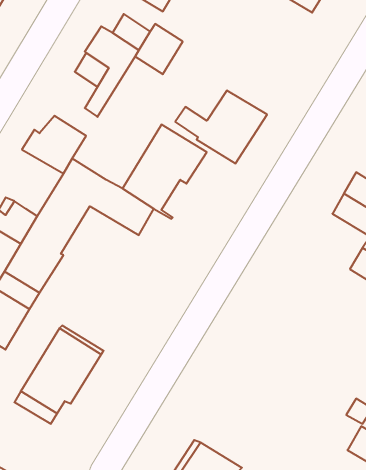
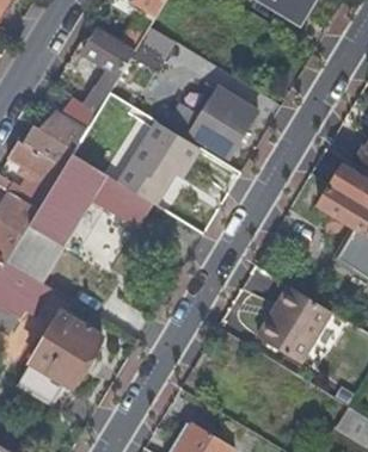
building: none -> [8,141,63,208]
building: none -> [256,285,330,361]

